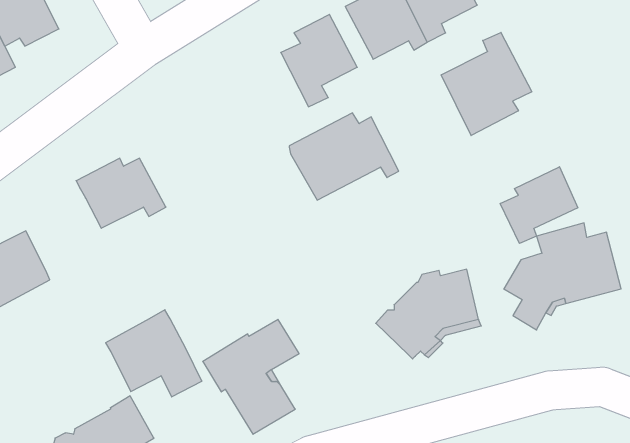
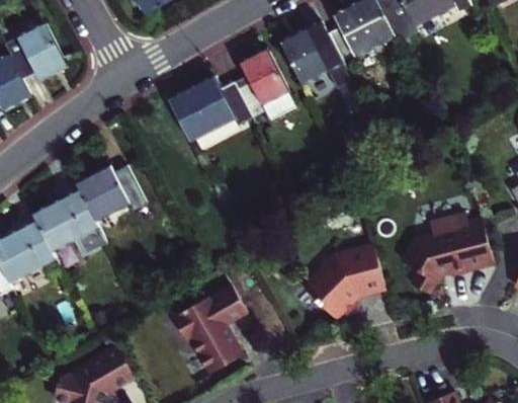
building: [441,32,532,136] -> none
building: [289,113,399,200] -> [170,78,254,145]
building: [500,167,578,243] -> none
building: [106,310,202,397] -> [33,185,107,252]

